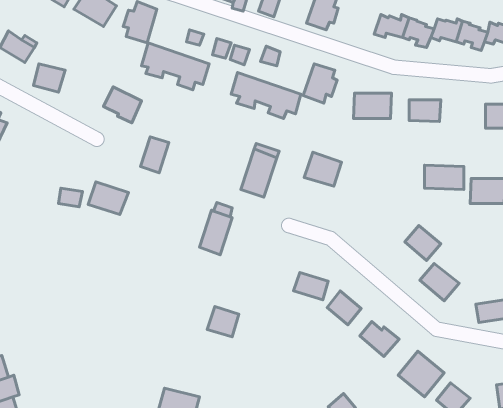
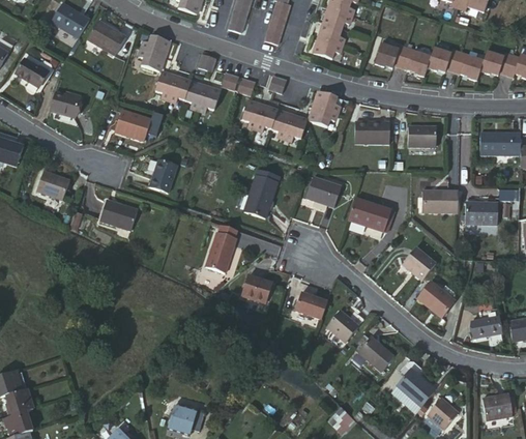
building: none -> [41,172,75,200]
building: none -> [348,196,391,228]
building: [207,306,239,337] -> [244,272,274,301]

